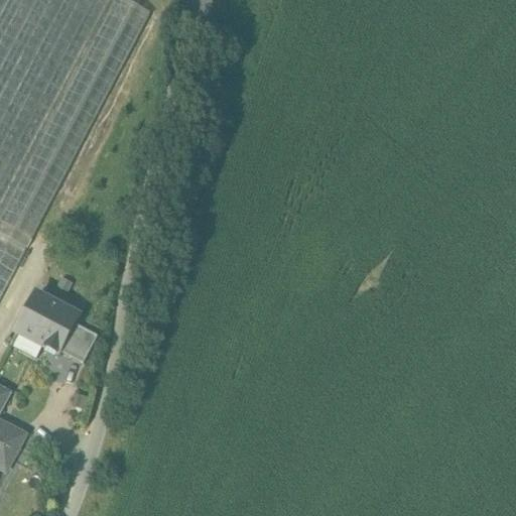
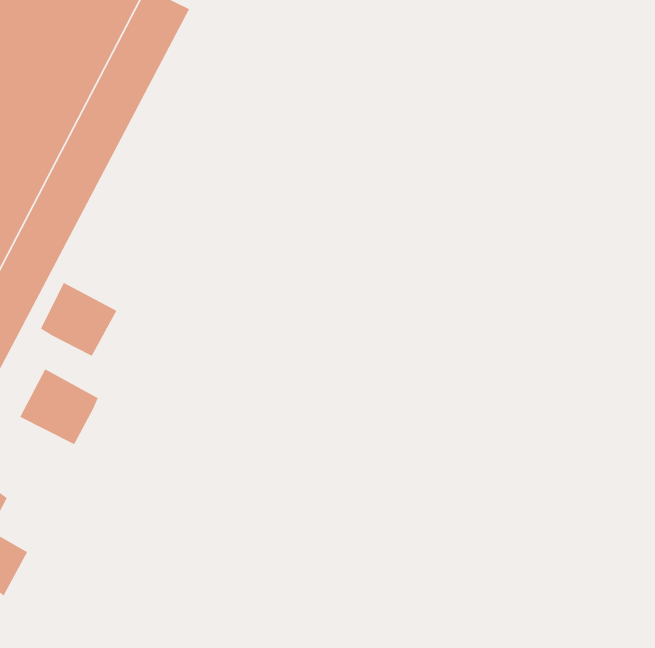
building: none -> [40,282,118,357]
building: [59,321,97,360] -> none

